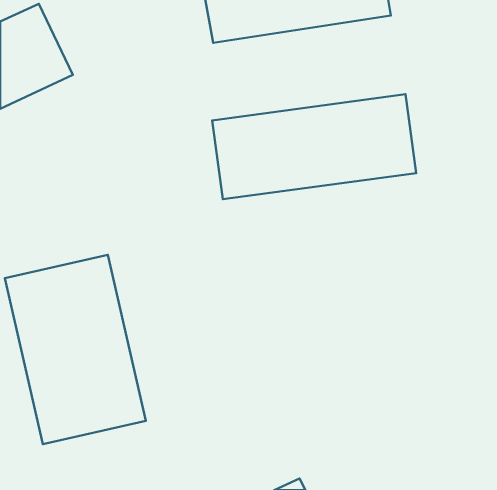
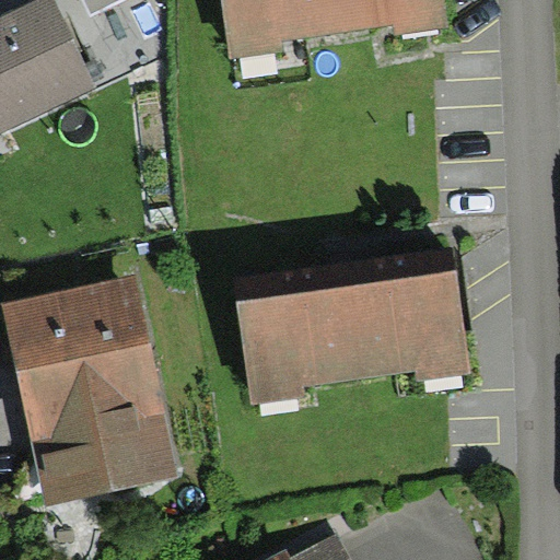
building: [212,94,416,199] -> none
building: none -> [241,254,457,389]

